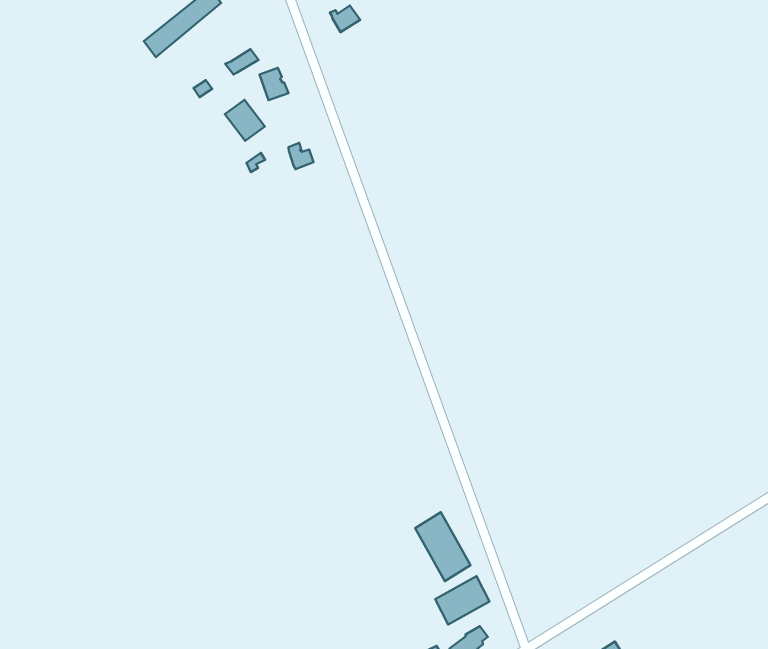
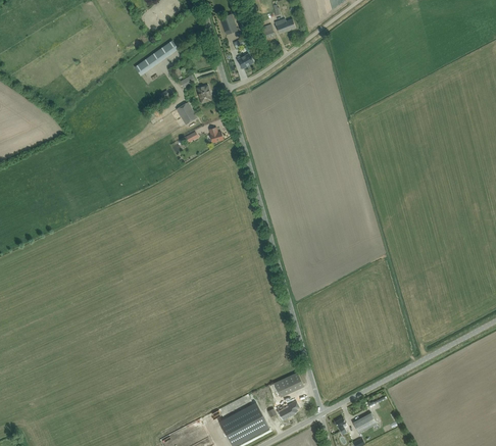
building: [415,512,470,581] -> none

